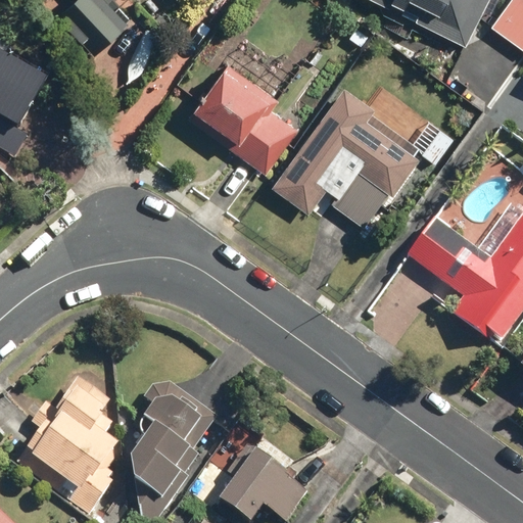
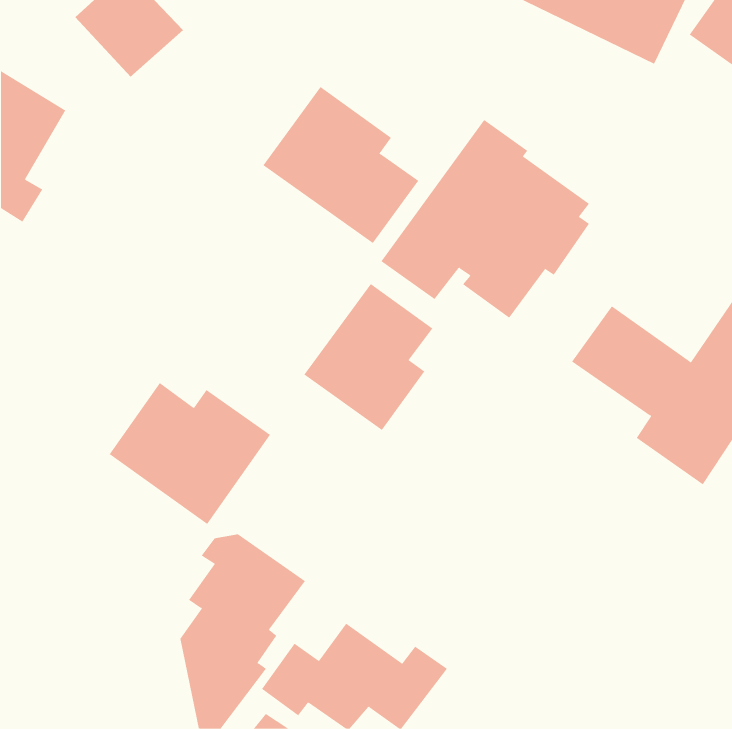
building: none -> [304,283,433,431]
building: none -> [109,382,271,525]
building: [16,375,118,513] -> none

